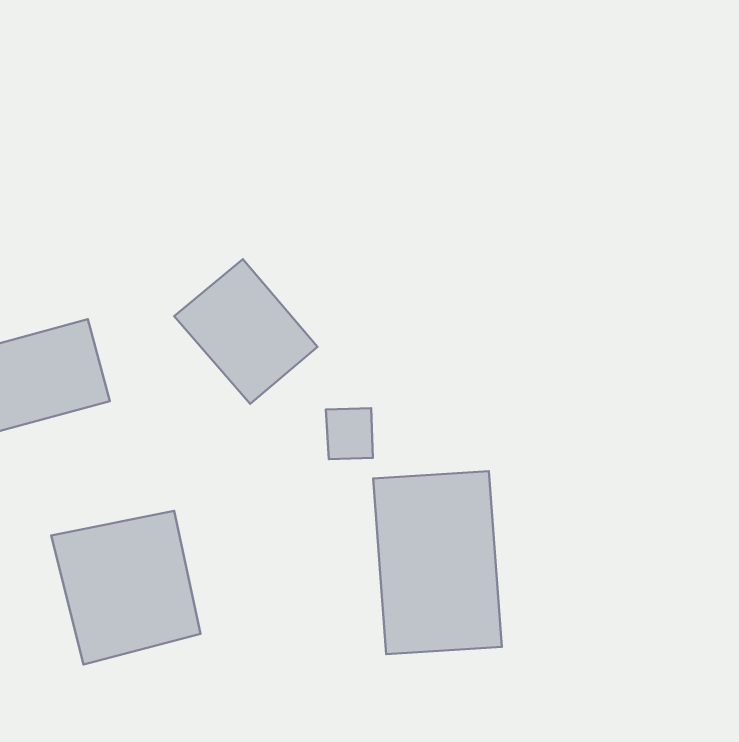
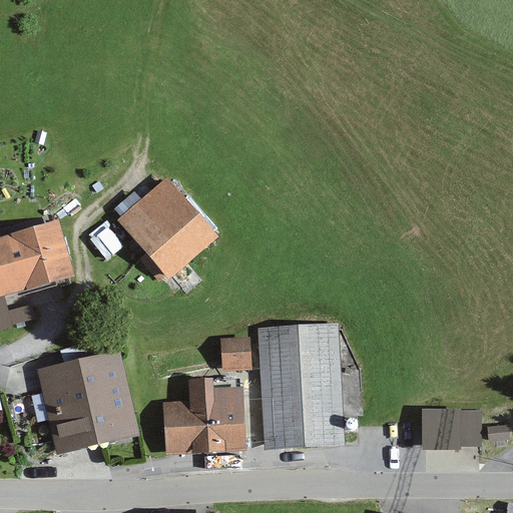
building: [326,408,373,459] -> [219,338,251,373]
building: none -> [161,379,247,455]
building: none -> [422,409,480,448]

